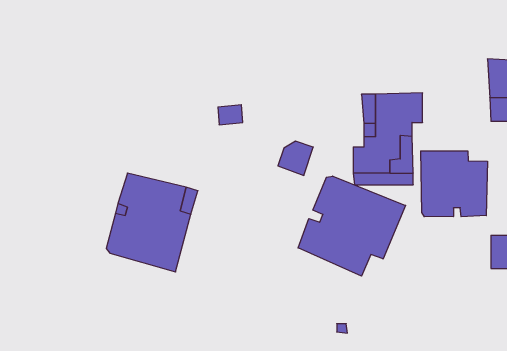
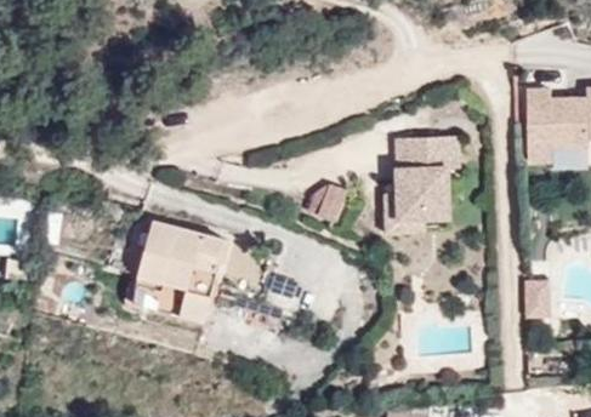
building: [421,151,487,217] -> none
building: [298,176,406,276] -> none

